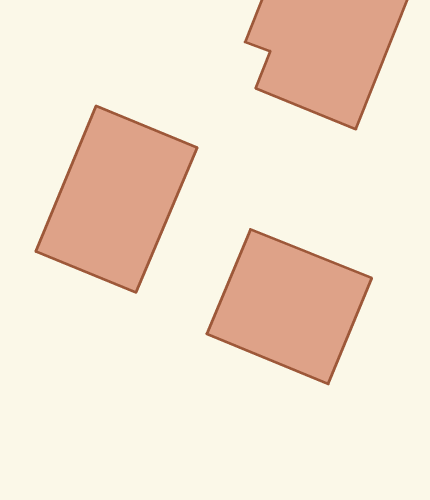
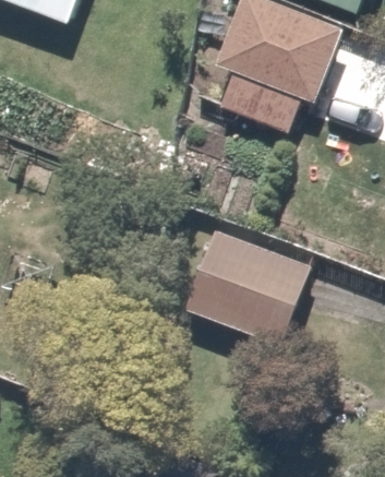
building: [36,106,197,292] -> none

